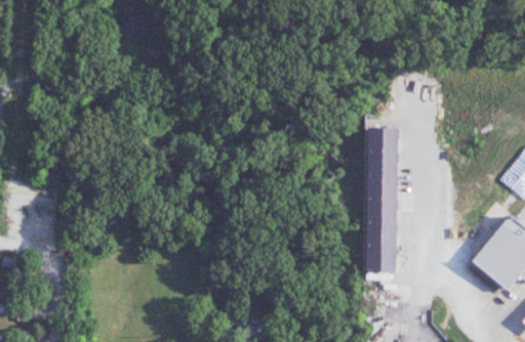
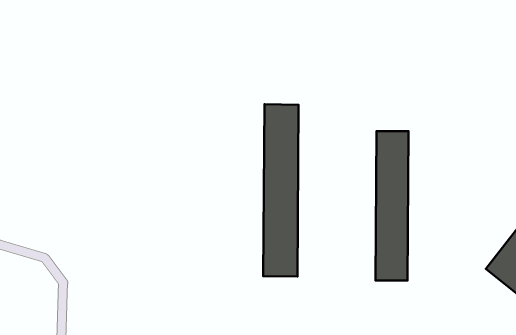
building: none -> [263,104,299,277]

